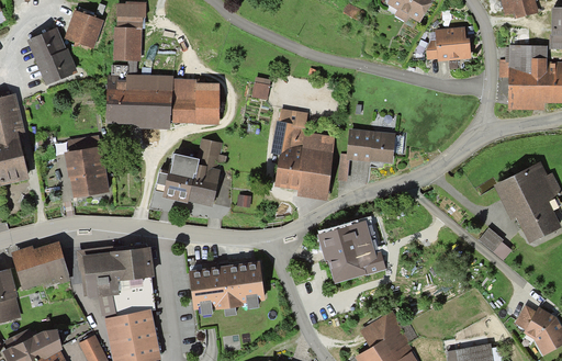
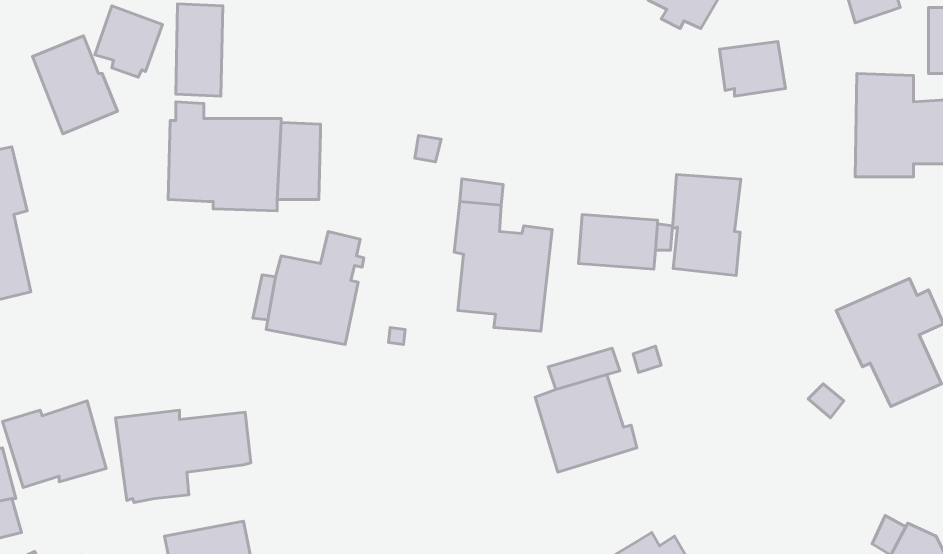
building: [195,82,220,124] -> none
building: none -> [672,174,741,276]
building: [65,135,109,196] -> none
building: [189,263,261,308] -> none
building: [100,277,155,315] -> none

